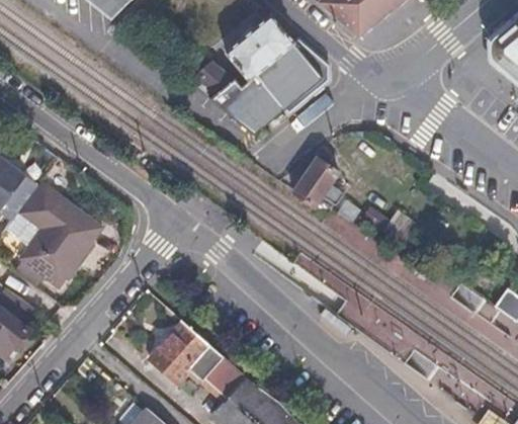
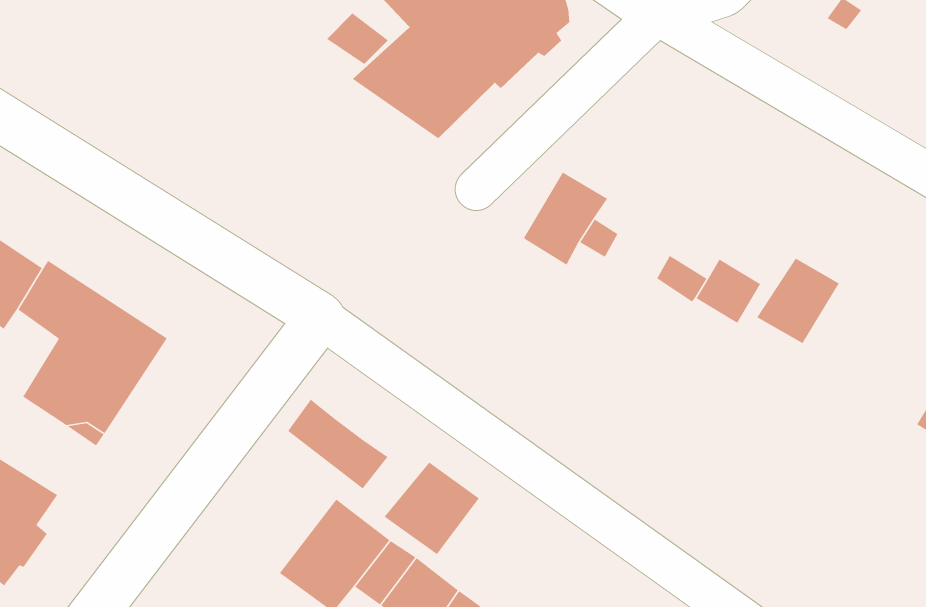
building: none -> [756,257,840,344]
building: none -> [287,398,388,490]
building: none -> [384,461,480,555]

